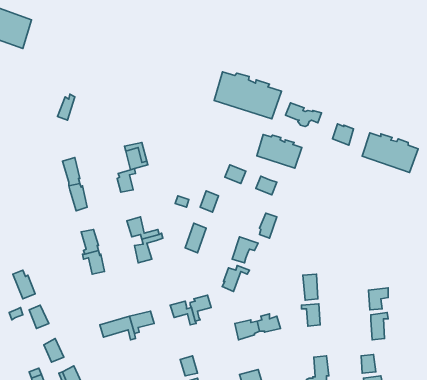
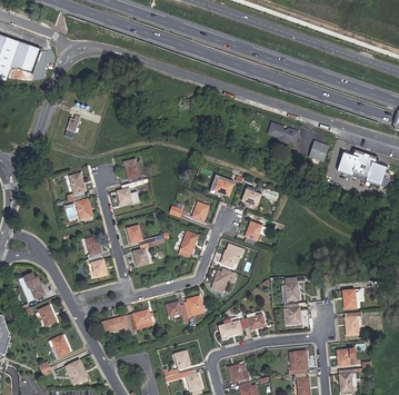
building: [214,72,281,119] -> none
building: [257,135,302,168] -> none

